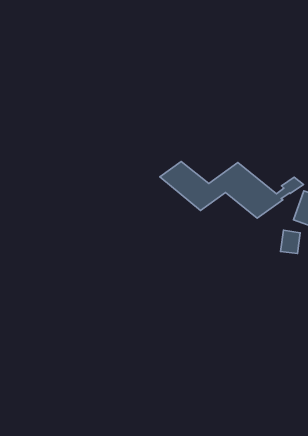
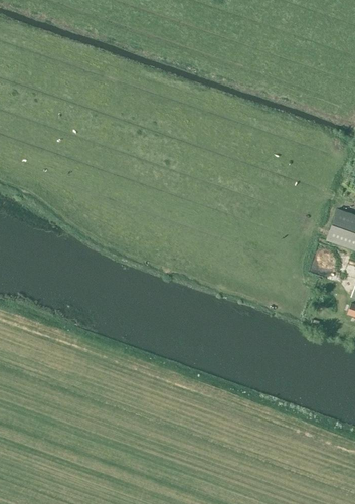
building: [160,162,304,218] -> none

